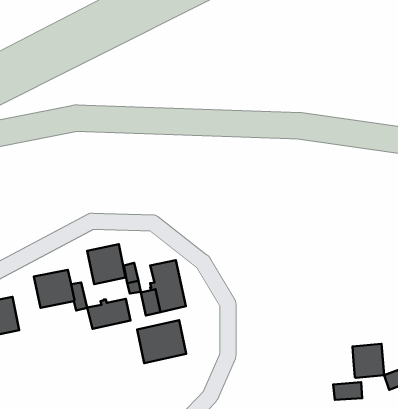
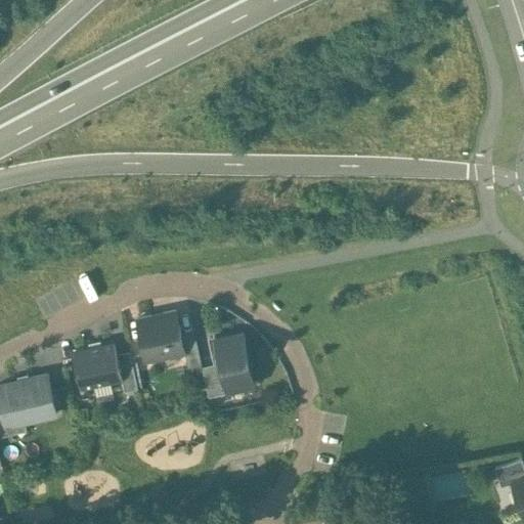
building: [87,299,130,329] -> none
building: [137,320,186,363] -> none
building: [353,344,384,378] -> none

